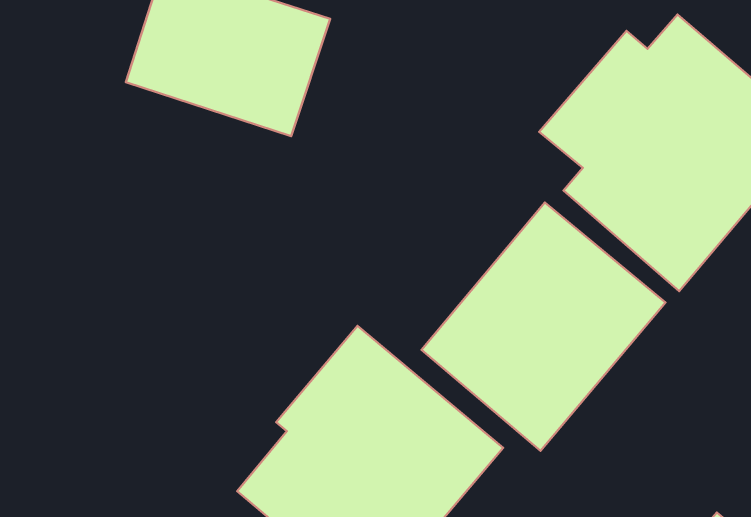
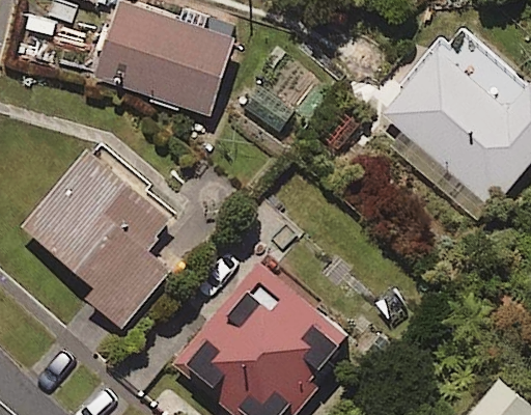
building: none -> [23,145,174,329]
building: [421,202,665,451] -> none

